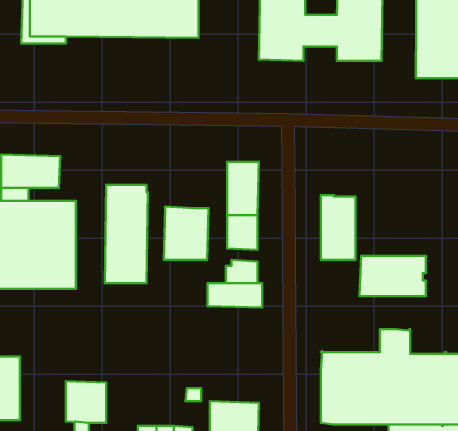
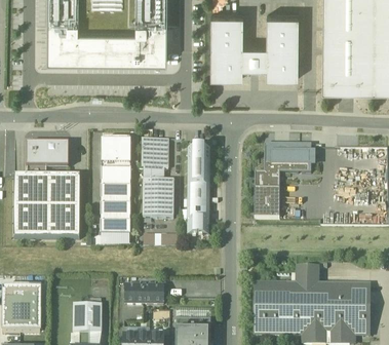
building: none -> [102,138,131,163]
building: none -> [144,139,168,180]
building: [360,256,426,296] -> [264,143,311,171]
building: [207,283,262,308] -> [125,285,164,303]

